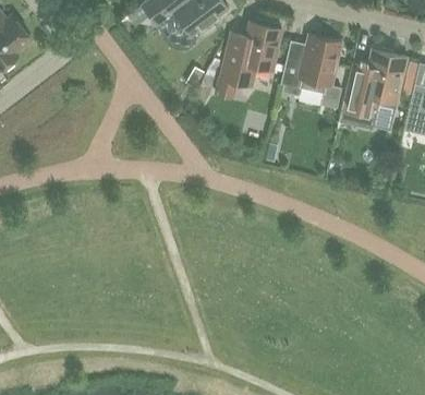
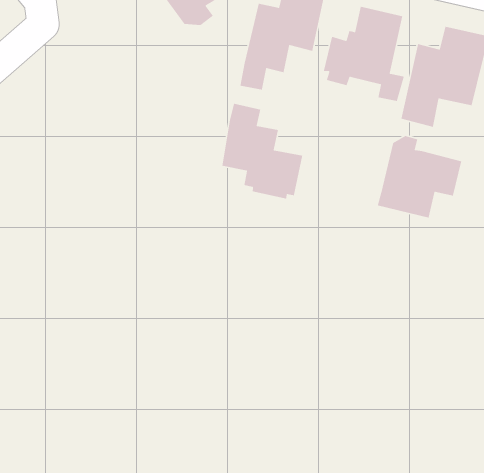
building: none -> [221,103,303,199]
building: none -> [377,135,462,219]

